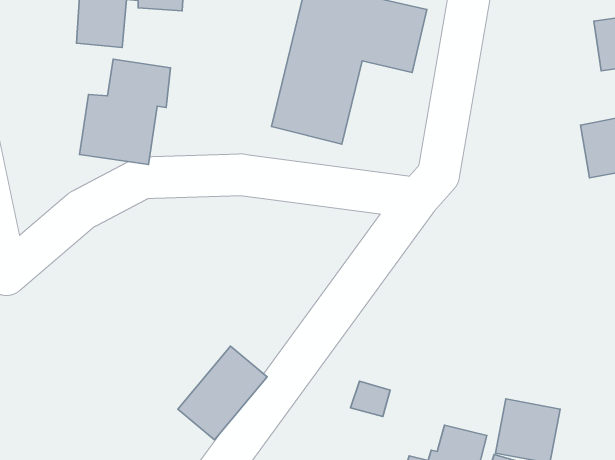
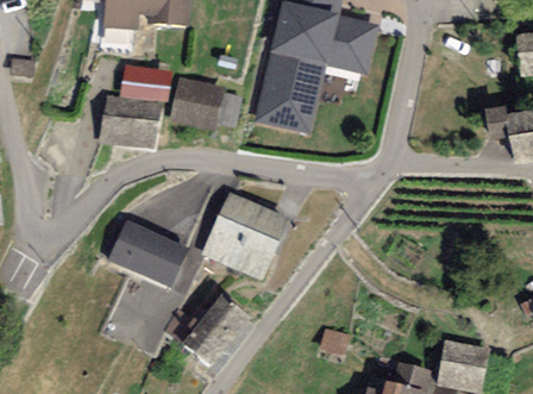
building: none -> [169,74,226,127]
building: none -> [200,190,289,279]
building: none -> [108,219,188,288]

